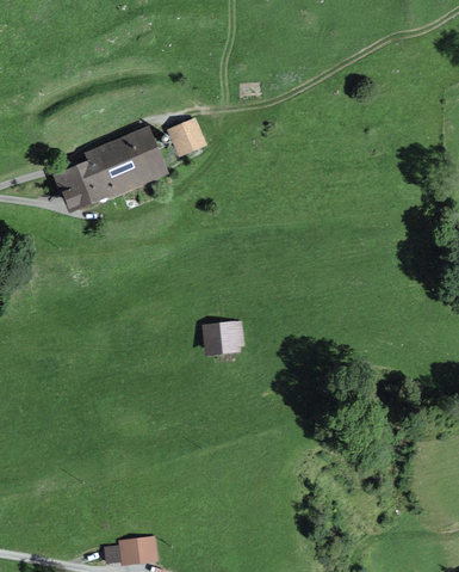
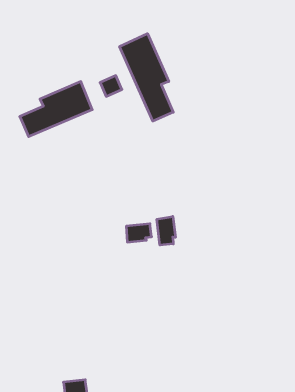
building: none -> [120,34,173,121]
building: none -> [157,216,175,245]

